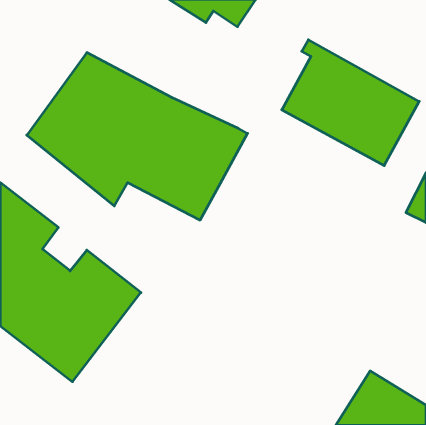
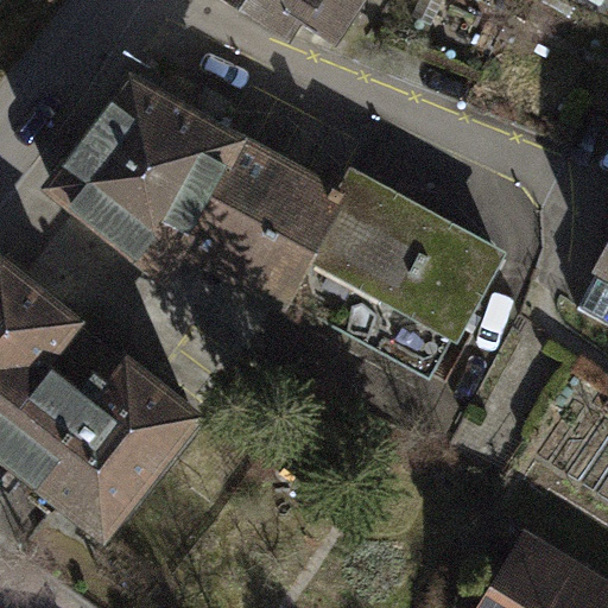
building: [282,40,419,166] -> [311,166,507,346]

